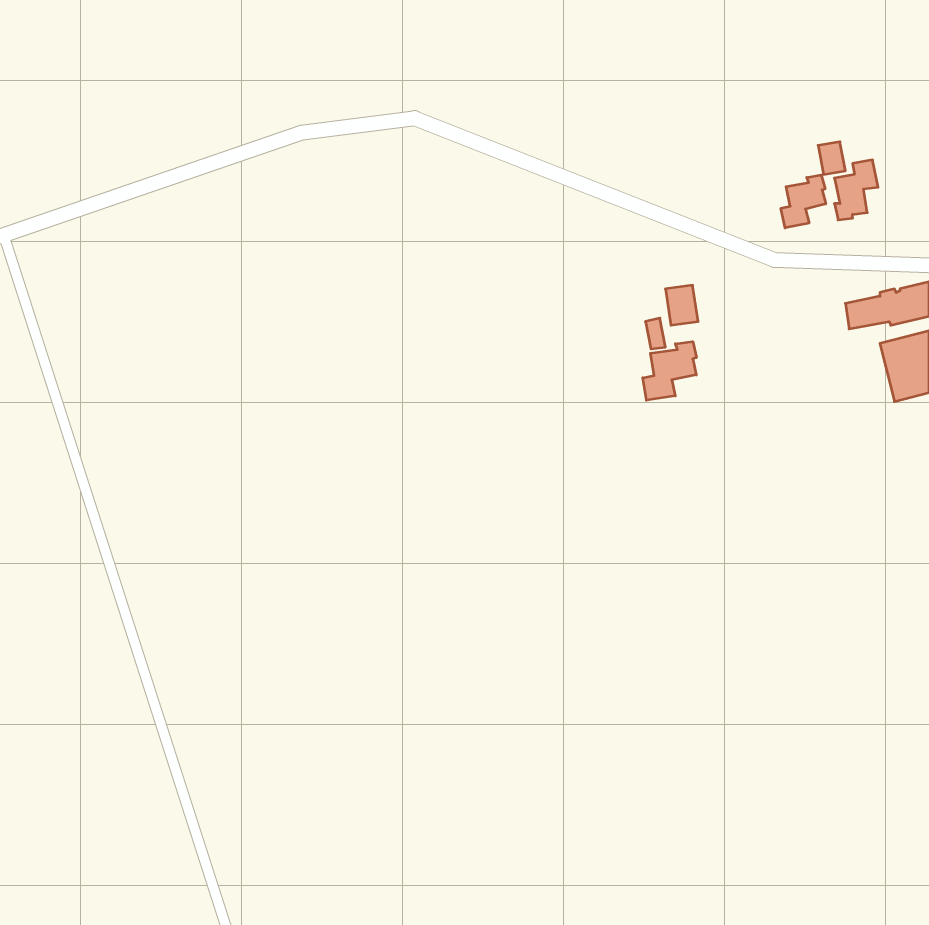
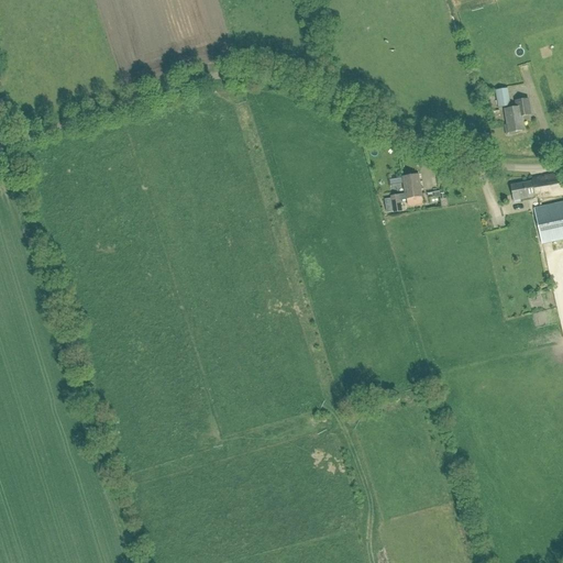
building: [781,175,826,228] -> none
building: [643,342,696,400] -> none

